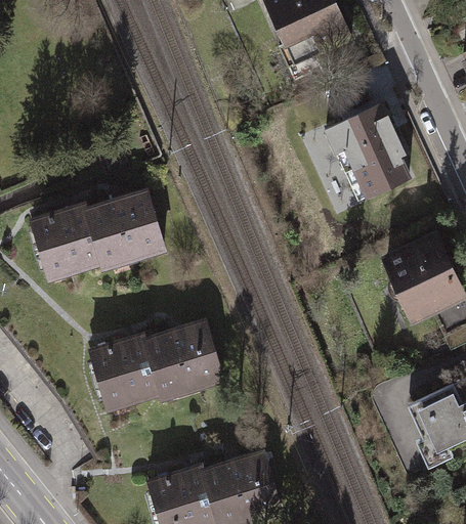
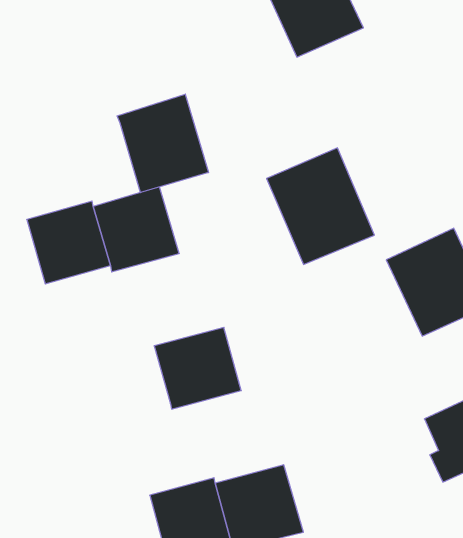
building: [319,96,420,206] -> [267,148,374,264]
building: none -> [117,94,208,193]
building: [90,334,166,408] -> none

